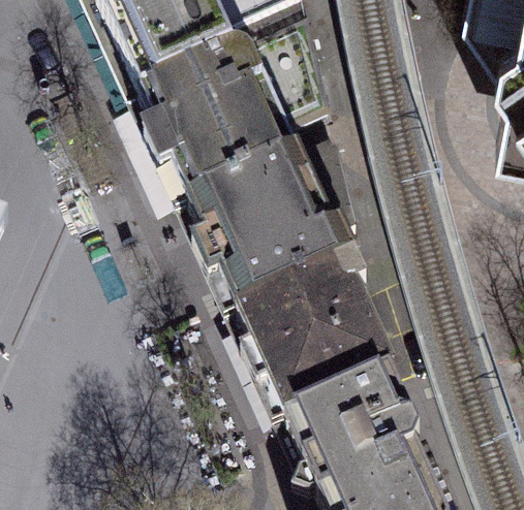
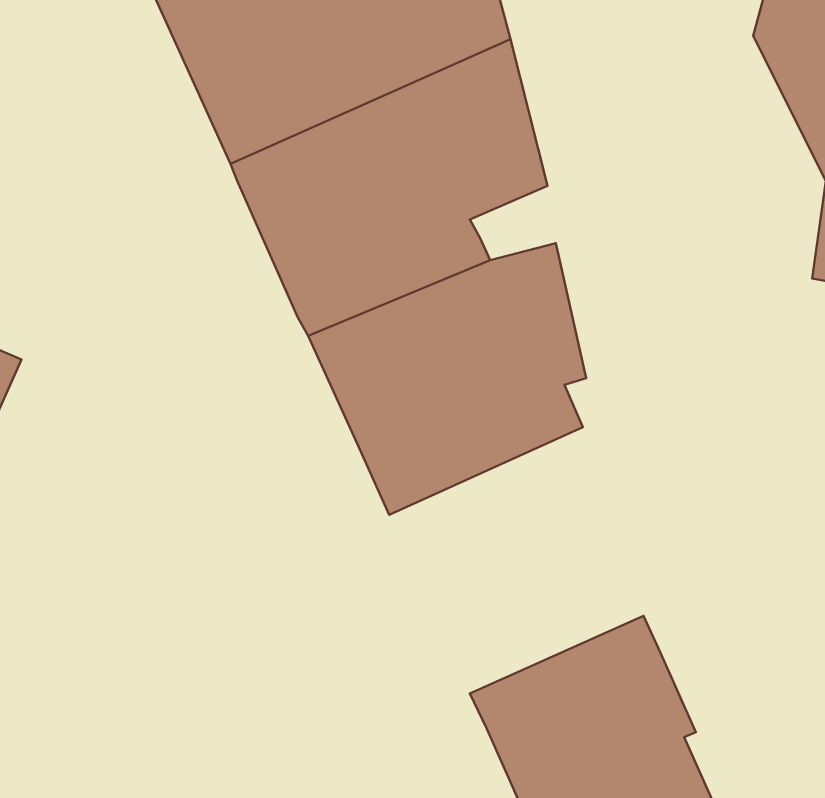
building: [244,270,403,434] -> none

